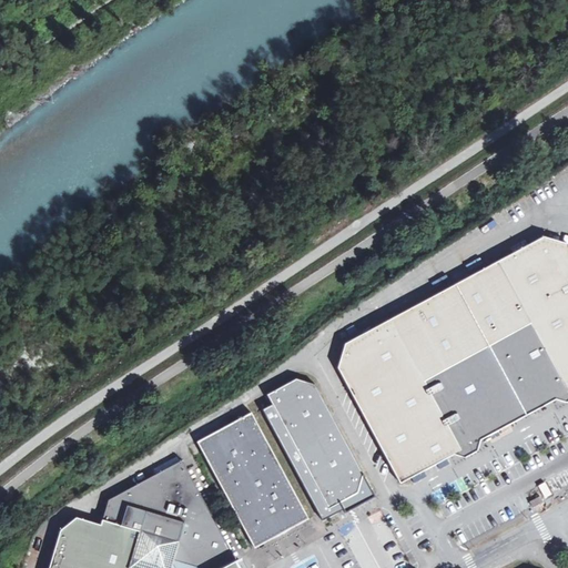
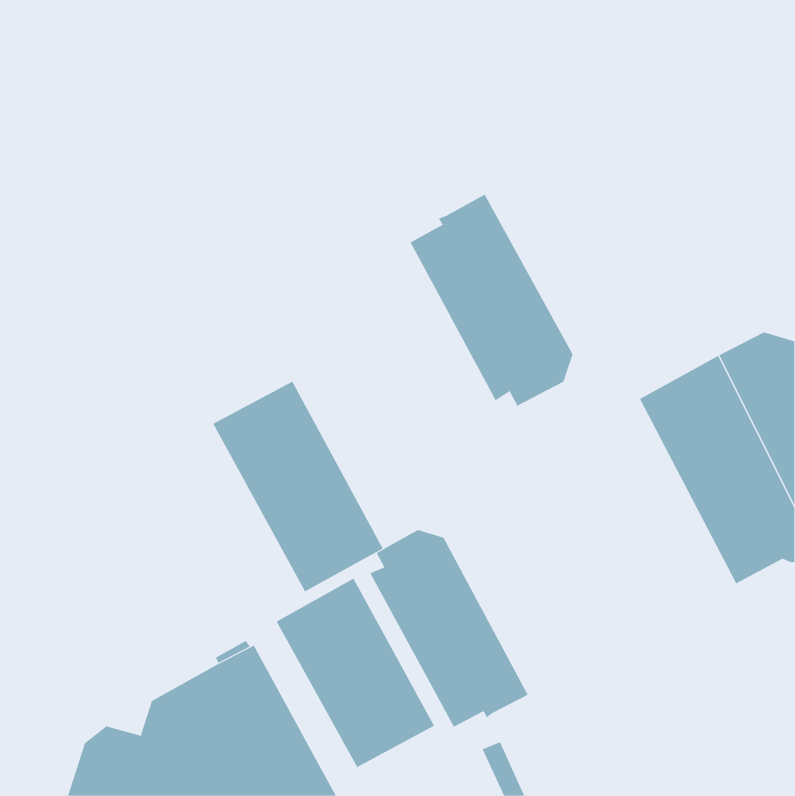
building: none -> [410,194,573,407]
building: none -> [213,381,383,592]
building: [338,284,524,483] -> none

